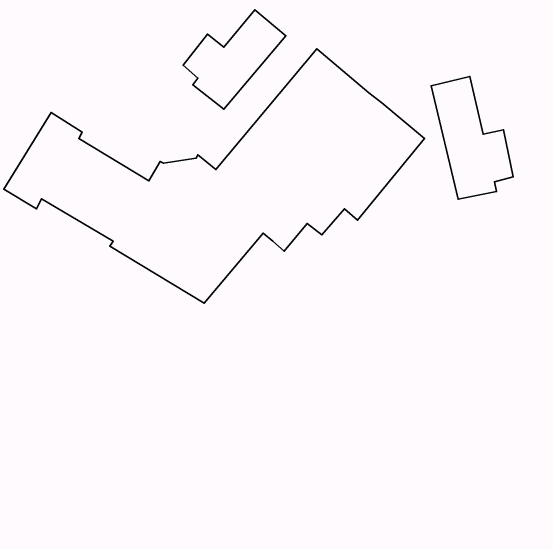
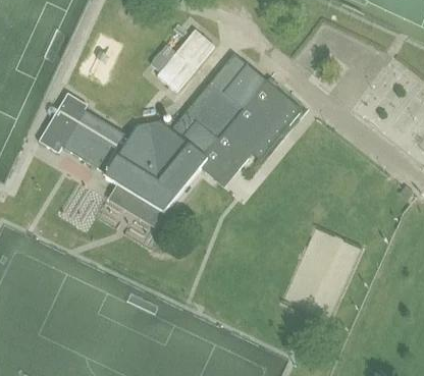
building: [431,77,513,199] -> none

